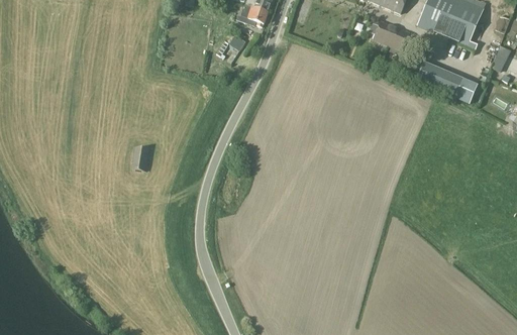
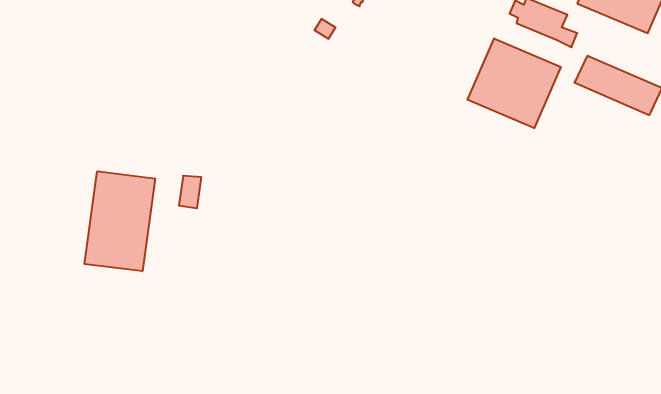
building: none -> [468,38,561,128]
building: none -> [85,171,155,271]

